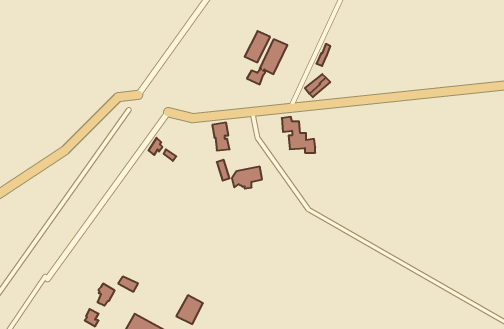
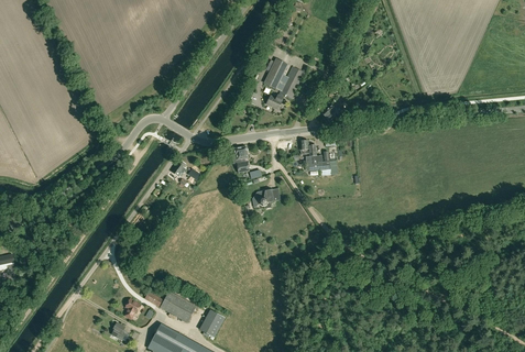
building: none -> [161,290,197,322]

